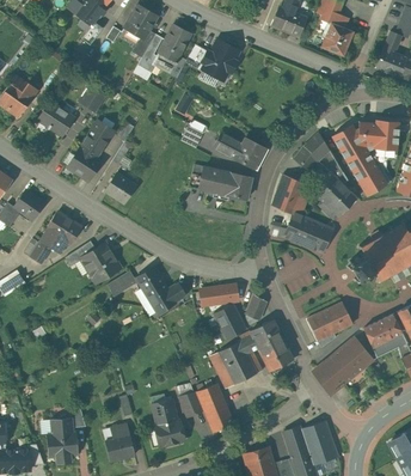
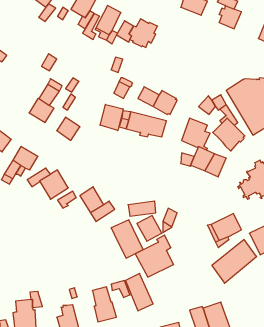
building: [38,102,74,136] -> none
building: none -> [100,104,123,131]
building: [250,321,293,372] -> [111,220,143,258]

